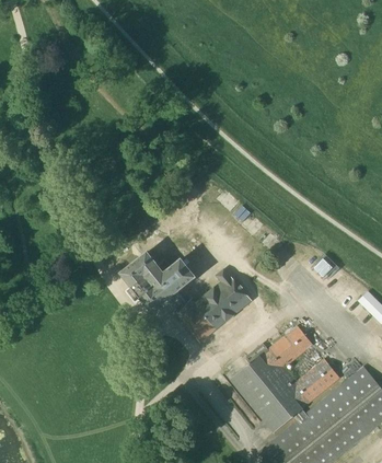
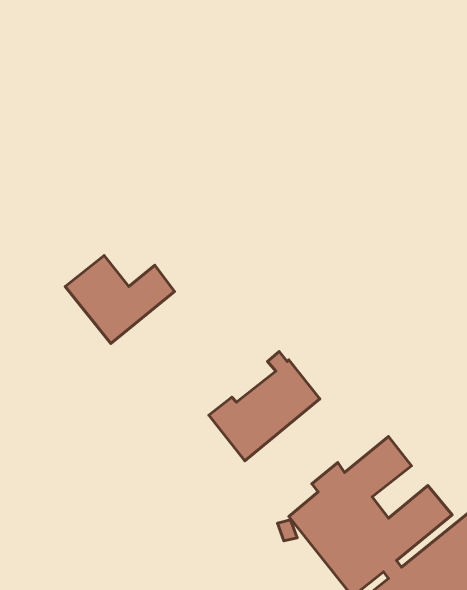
building: [120,253,194,312] -> [65,255,175,344]

